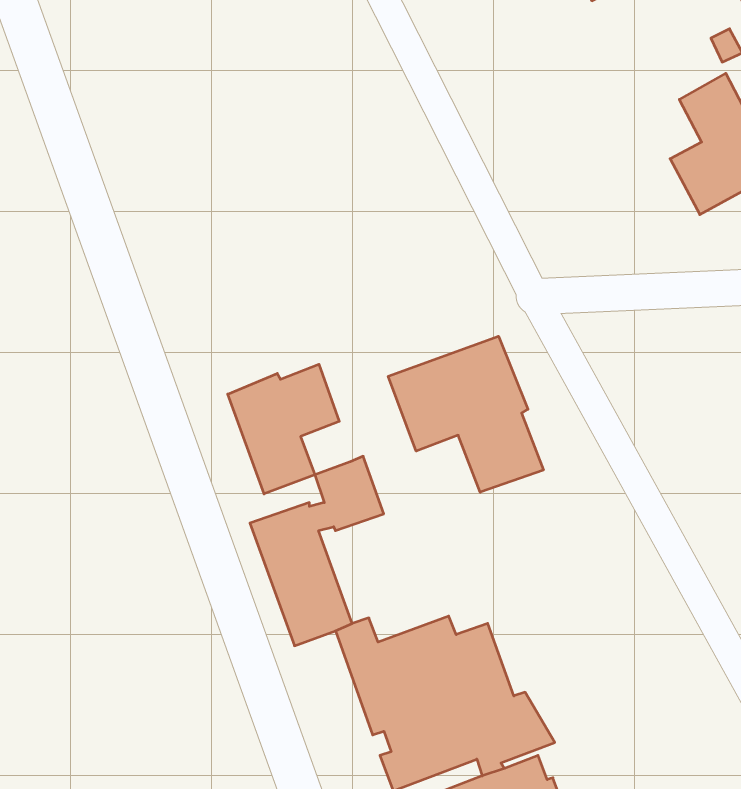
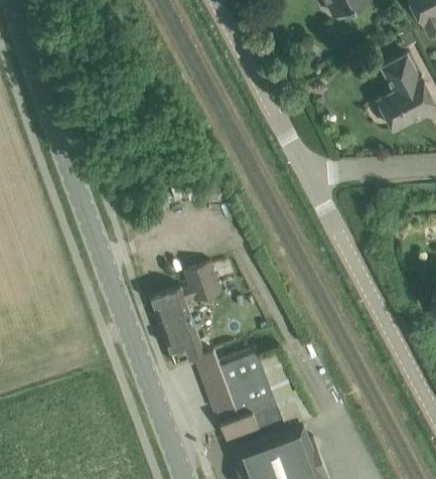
building: [388,336,543,492] -> none
building: [228,364,339,494] -> none

